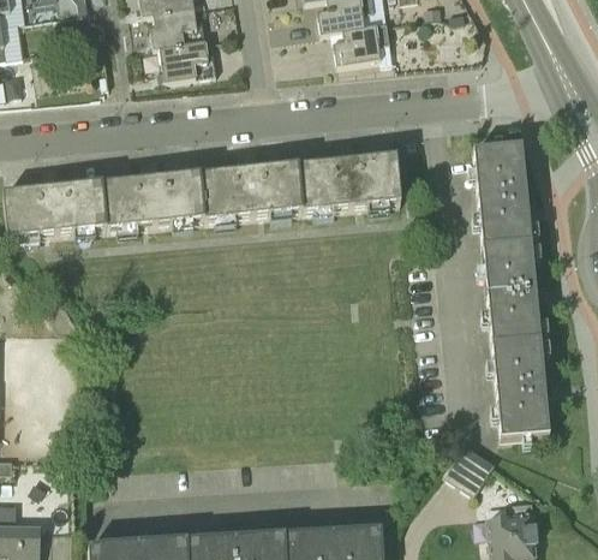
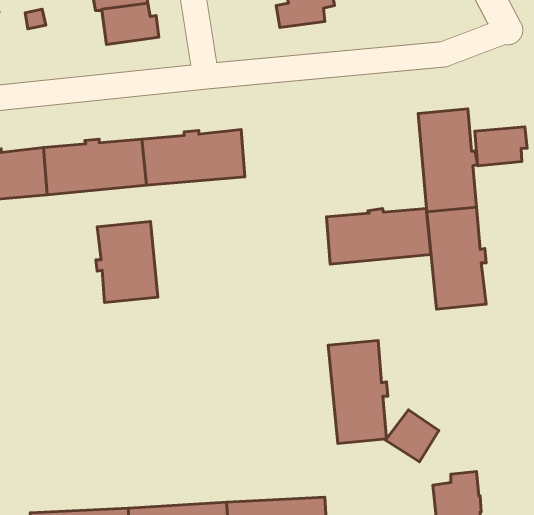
building: [297,154,400,209] -> [327,208,431,264]
building: none -> [475,127,527,166]
building: none -> [96,221,158,302]
building: [490,335,549,437] -> [328,340,388,444]

